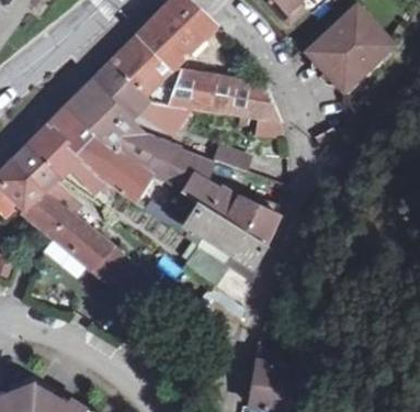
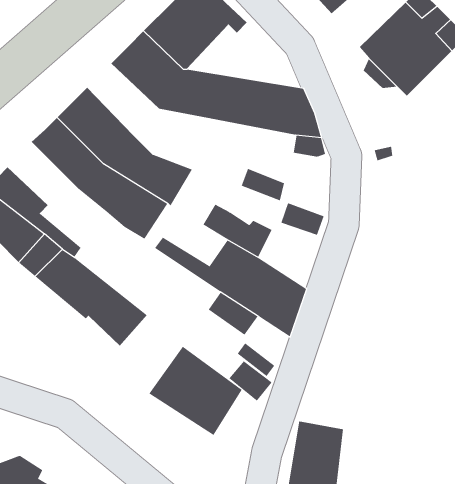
building: [90,63,188,135] -> none
building: [26,125,120,200] -> none
building: [157,147,211,191] -> none
building: [227,196,277,243] -> none
building: none -> [148,346,242,436]

